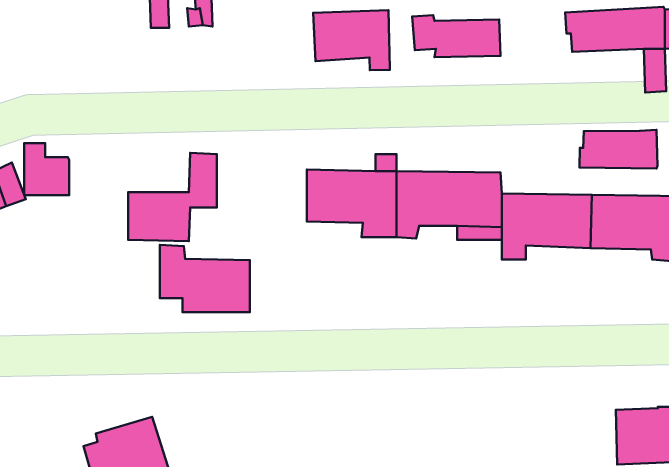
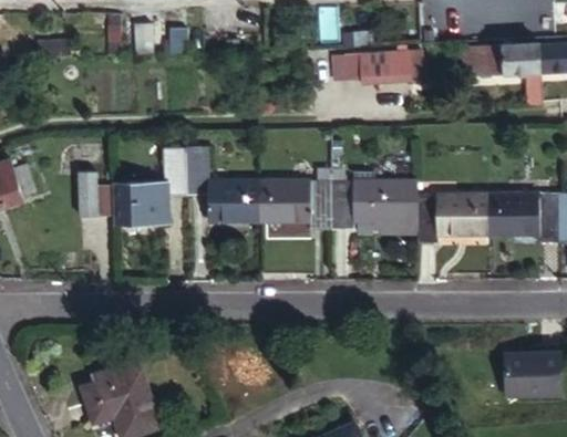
building: [313,10,390,70] -> none
building: [579,130,658,169] -> none
building: [24,143,69,195] -> [83,175,118,216]
building: [160,245,250,312] -> [188,158,259,211]

